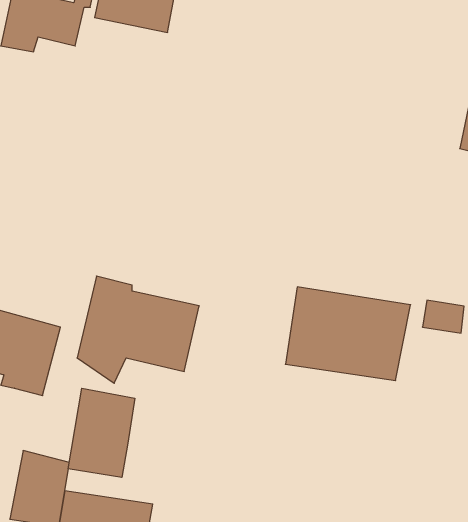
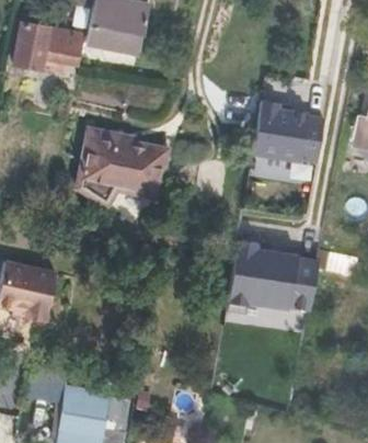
building: none -> [252,104,324,167]
building: [77,276,199,383] -> [72,129,162,208]
building: [68,388,135,477] -> none

